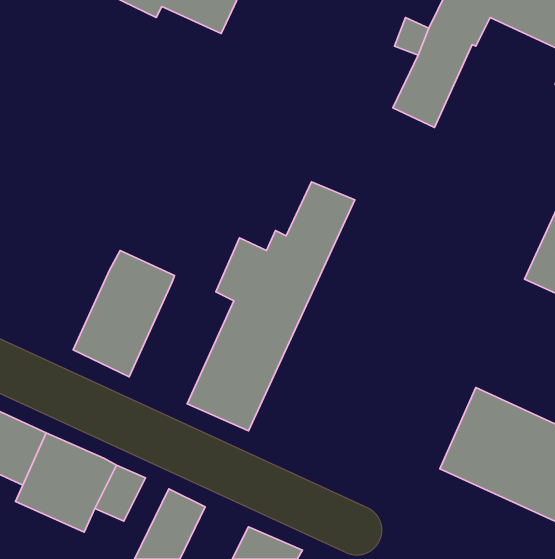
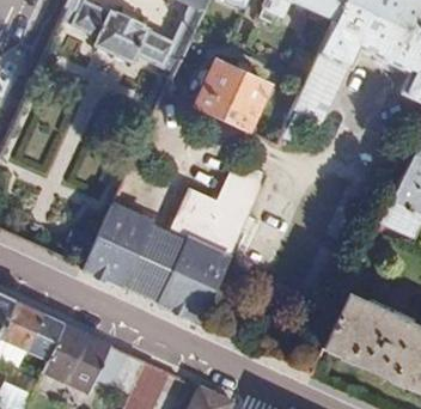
building: none -> [194,61,267,130]
building: none -> [118,224,185,305]

